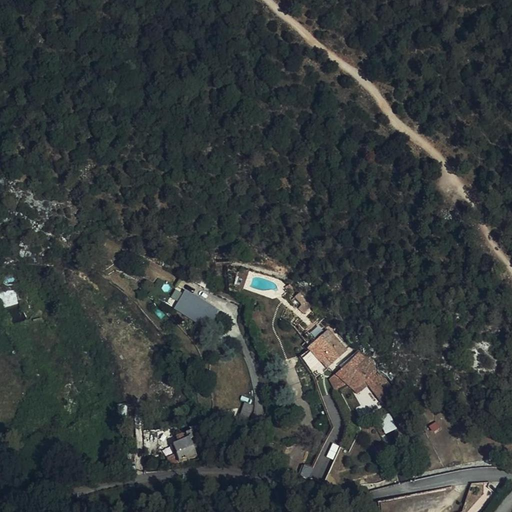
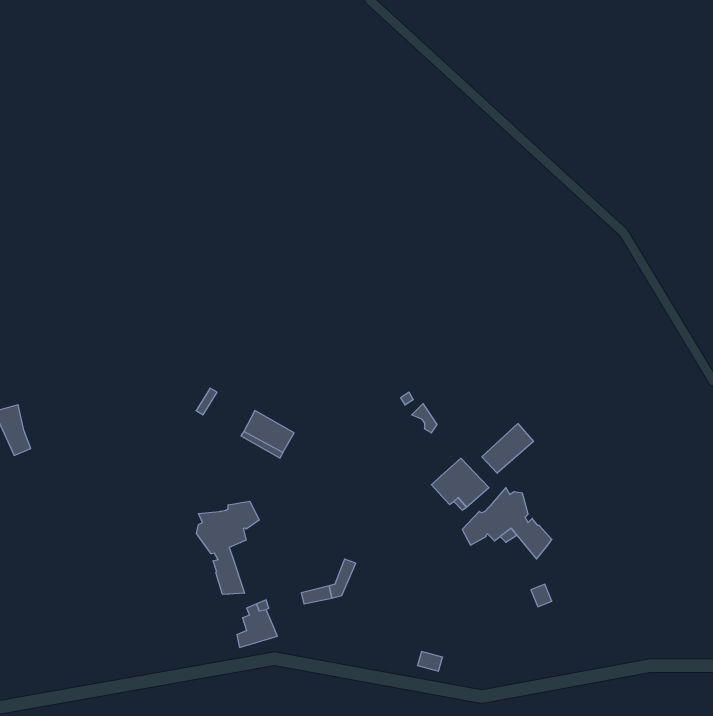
building: none -> [482,424,533,473]
building: none -> [196,501,259,594]

